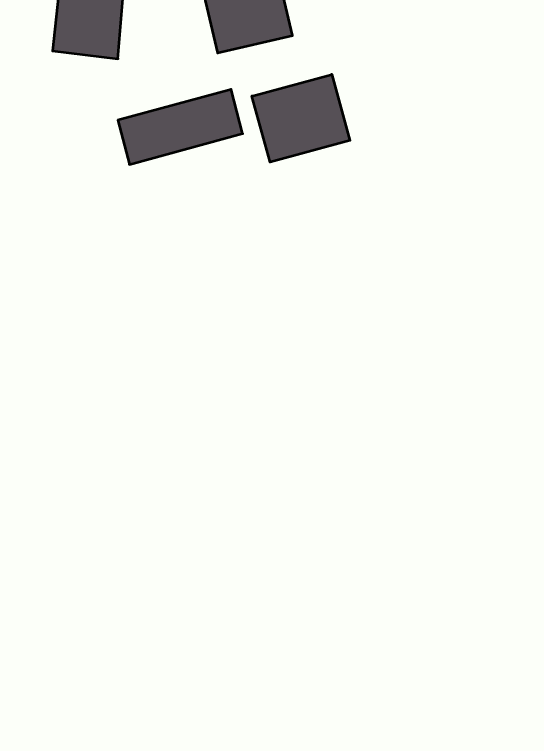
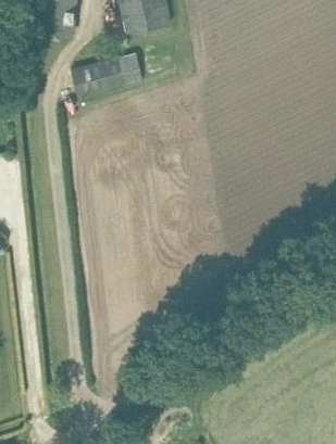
building: [252,74,350,162] -> none

